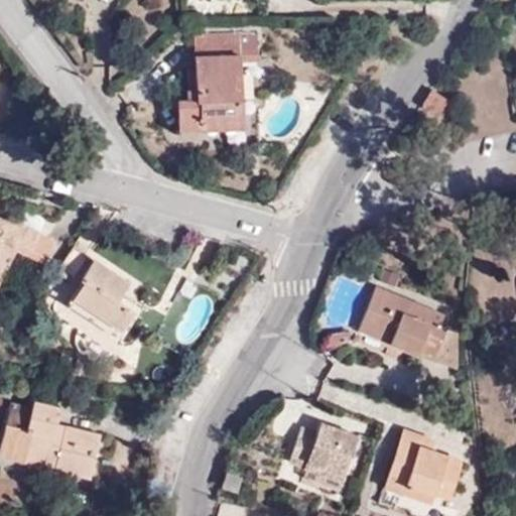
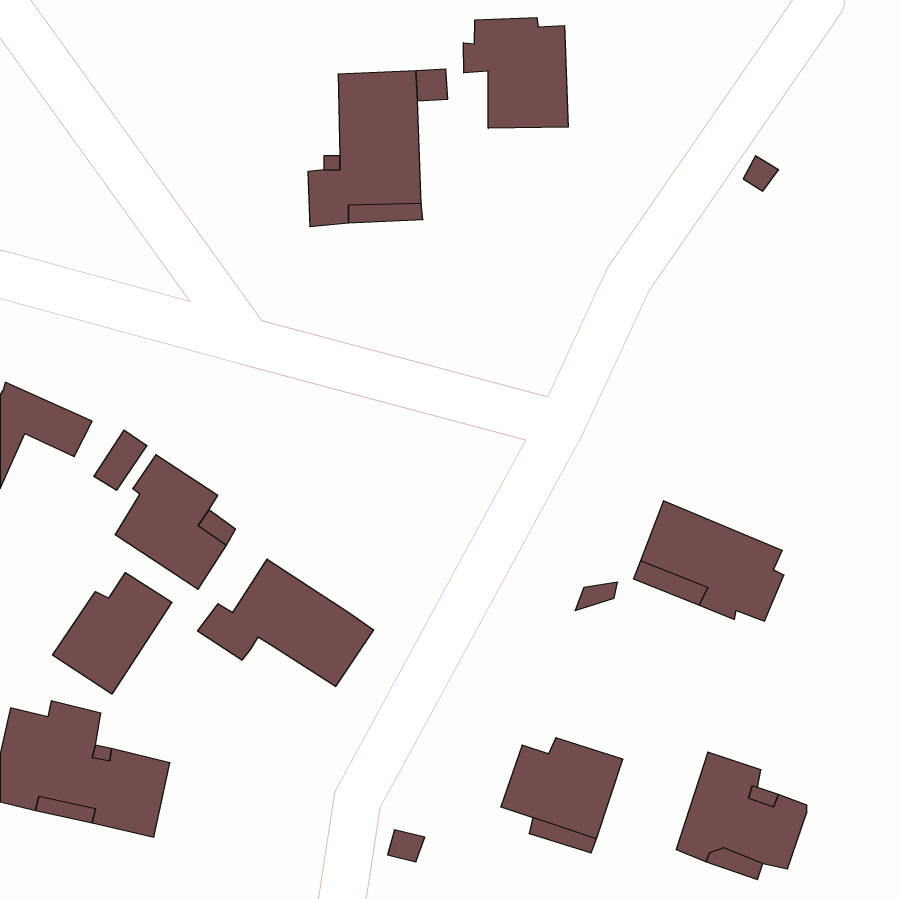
building: none -> [463,18,568,128]
building: none -> [198,559,374,687]
building: none -> [53,573,172,694]

